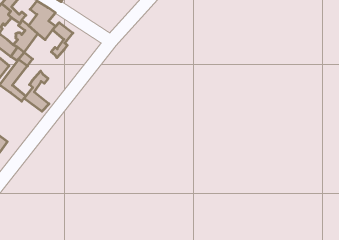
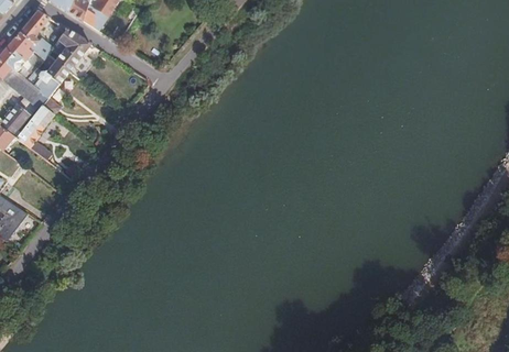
building: [51,23,73,58] -> none
building: [24,71,49,111] -> none

